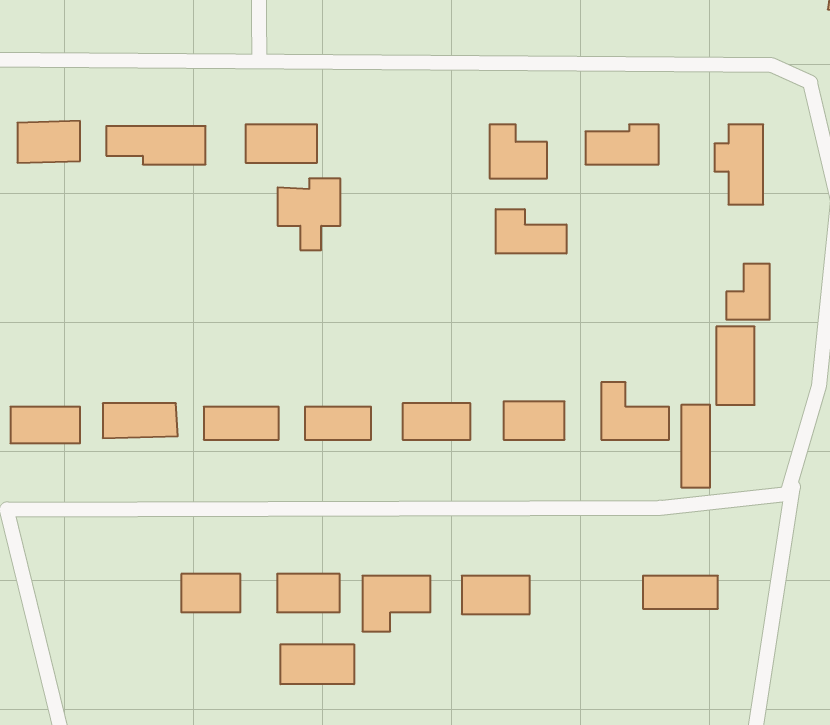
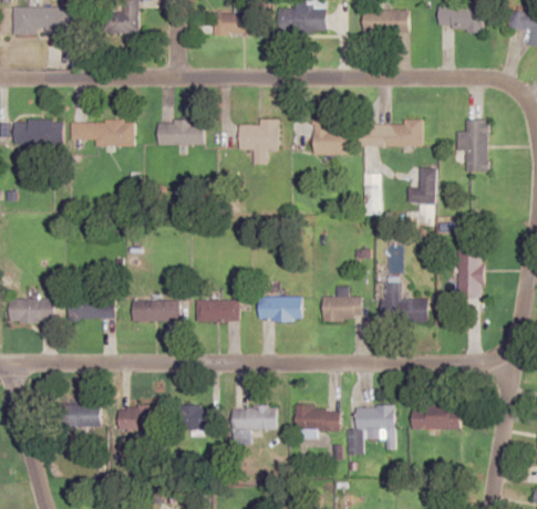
building: [278,179,340,250] -> [238,120,278,165]
building: [496,209,566,254] -> none
building: [726,264,770,320] -> [406,169,434,205]
building: [682,405,710,488] -> none
building: none -> [61,405,99,426]
building: none -> [348,406,394,455]
building: [280,644,354,684] -> none

